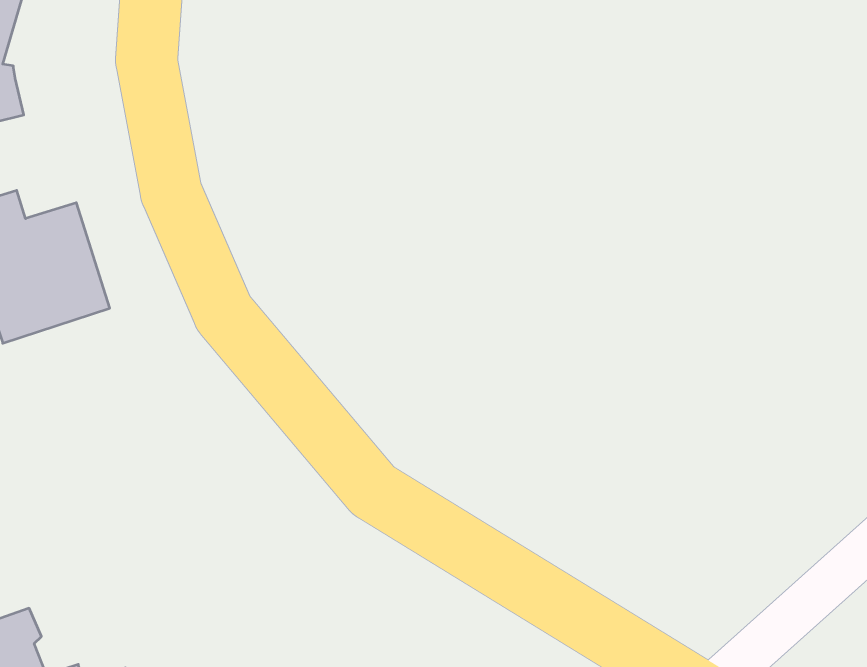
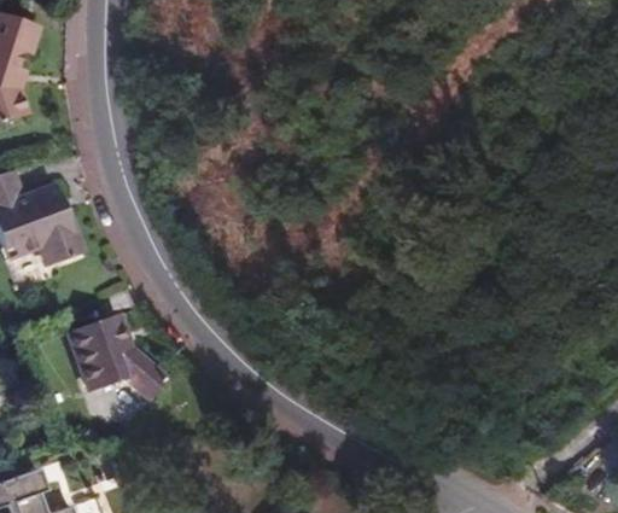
building: none -> [62,319,161,400]

